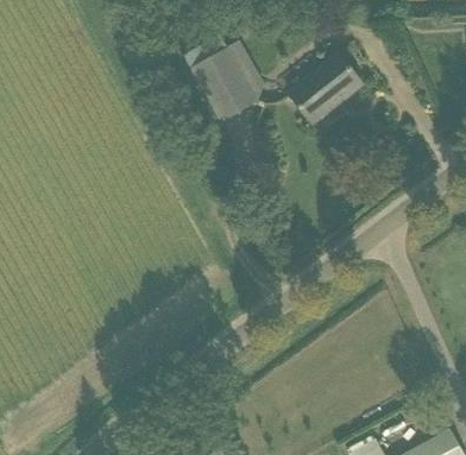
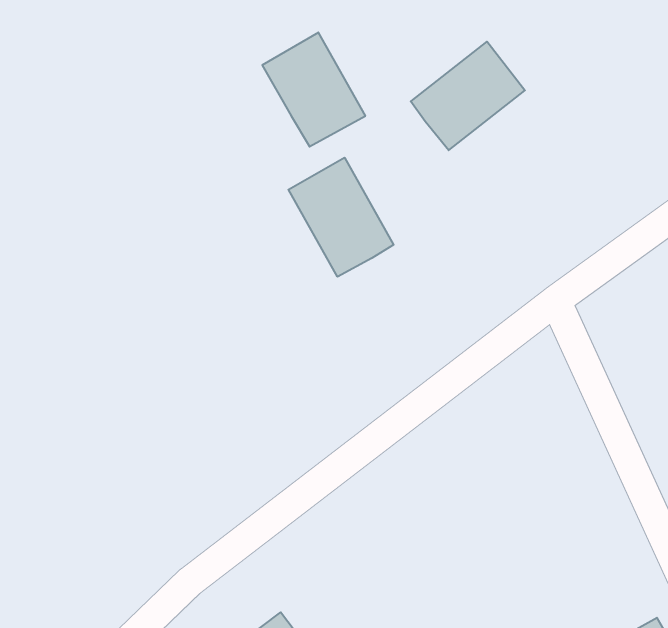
building: none -> [288,158,394,277]

